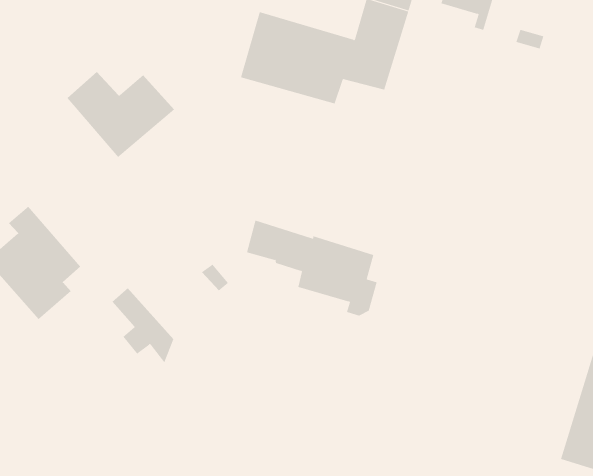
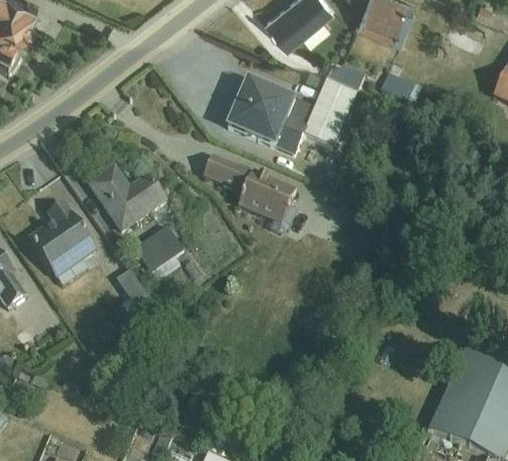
building: [67,71,175,158] -> [89,164,167,229]
building: [246,220,377,316] -> [202,151,295,230]
building: none -> [133,224,183,276]

